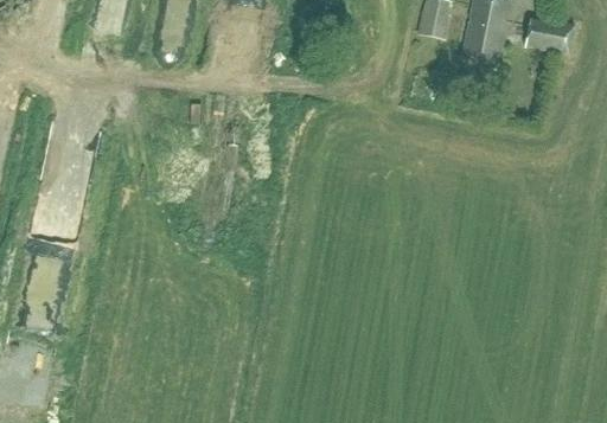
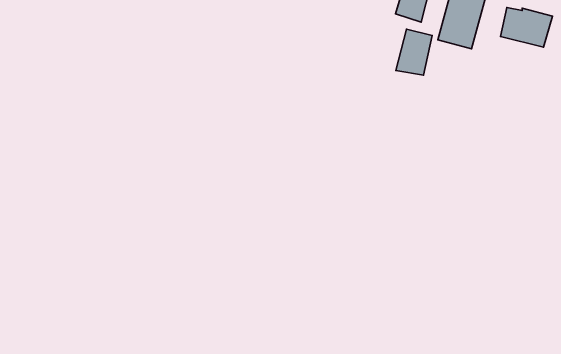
building: none -> [396,29,432,75]

